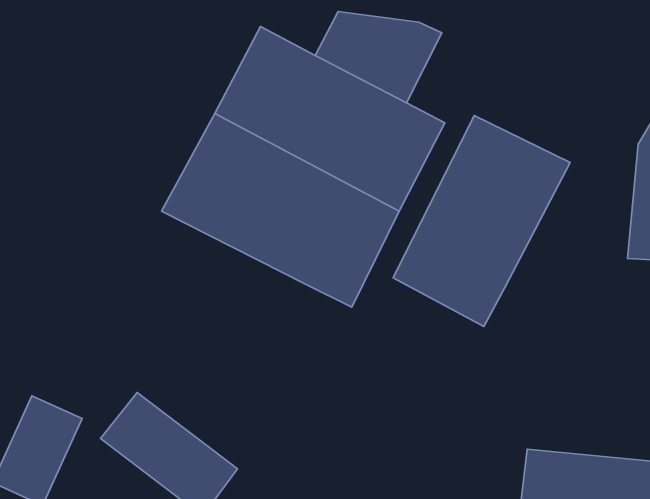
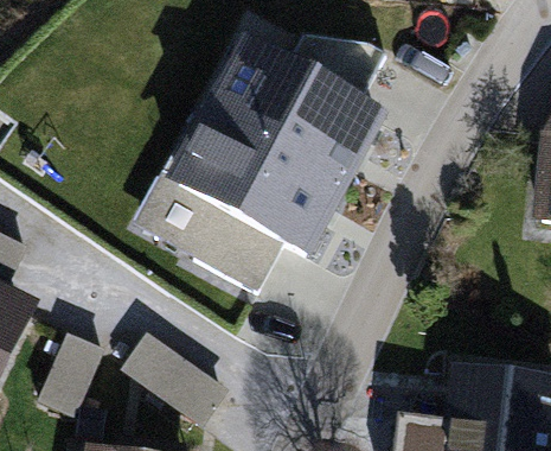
building: [393,116,570,327] -> none
building: none -> [132,179,278,287]

